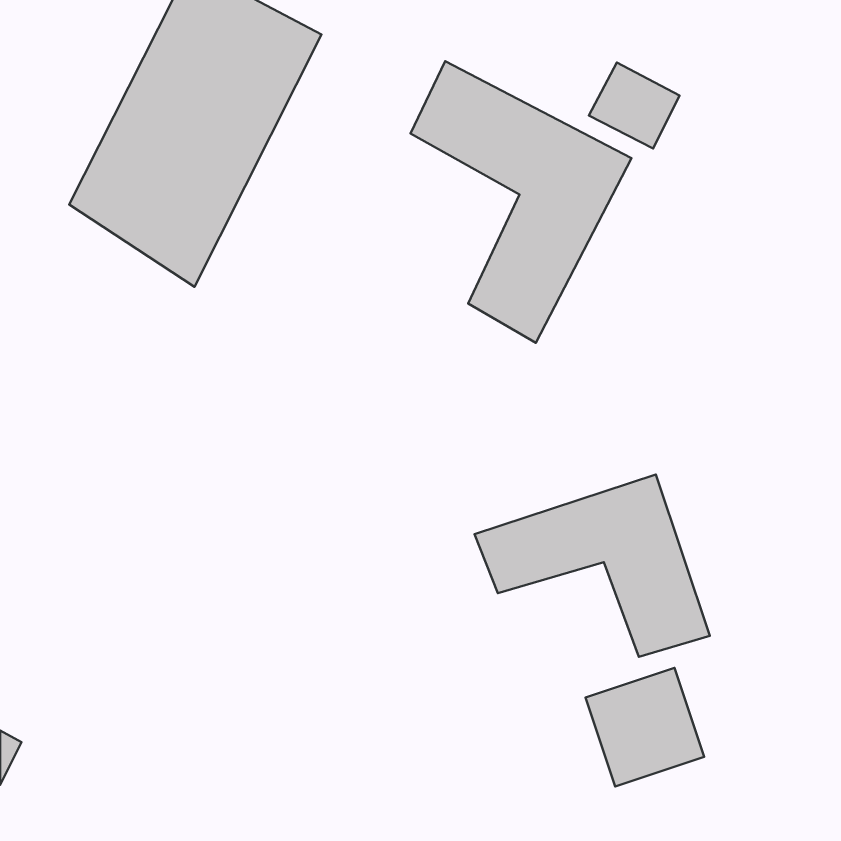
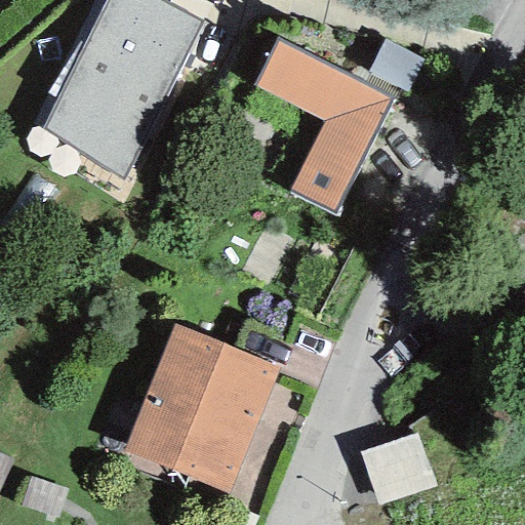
building: [474,474,710,657] -> none
building: none -> [124,323,280,493]

